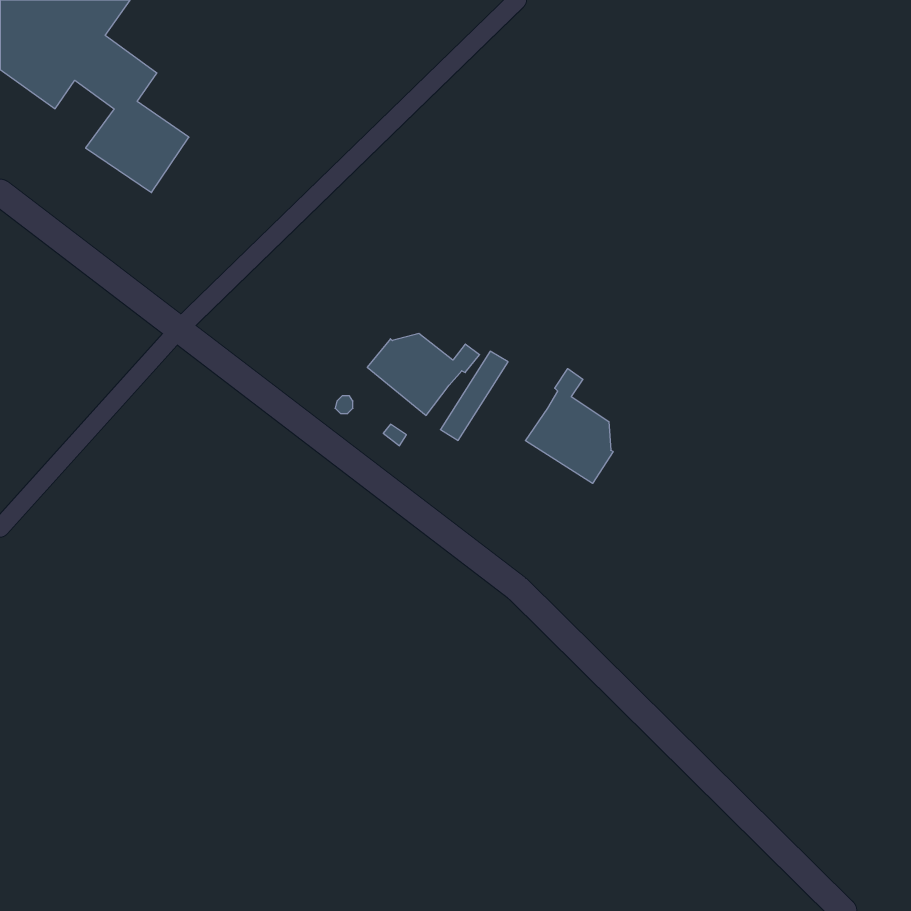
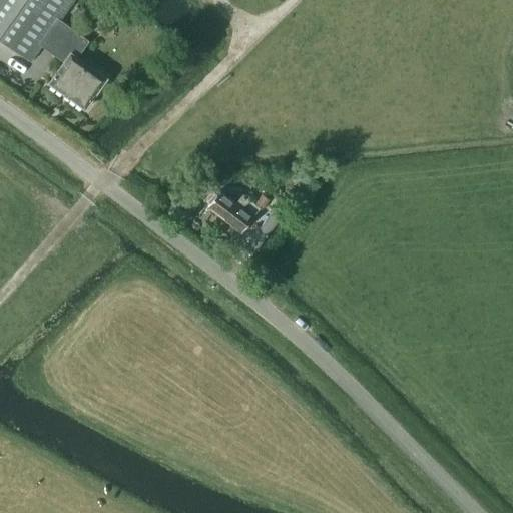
building: [525,369,613,483] -> none

